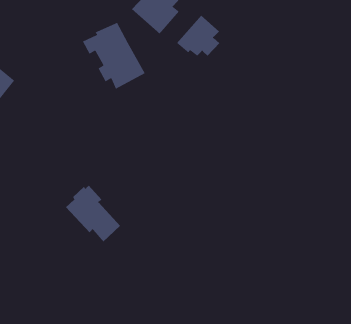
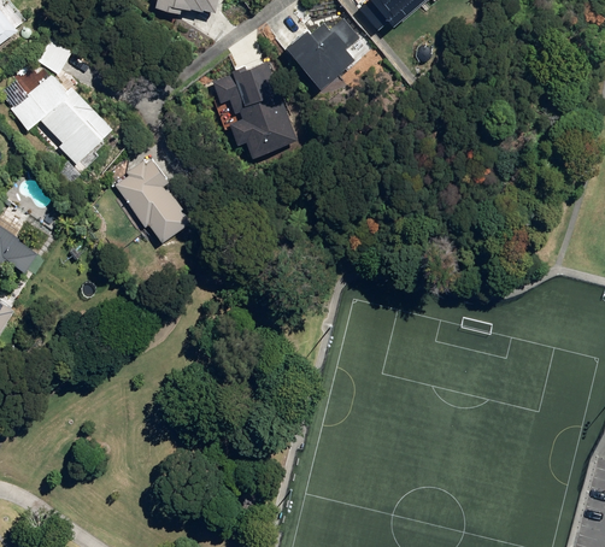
building: [176,15,220,57] -> none
building: [65,185,121,242] -> [113,158,189,242]

